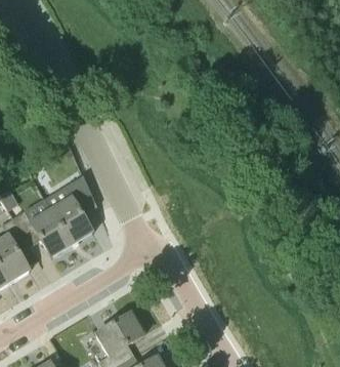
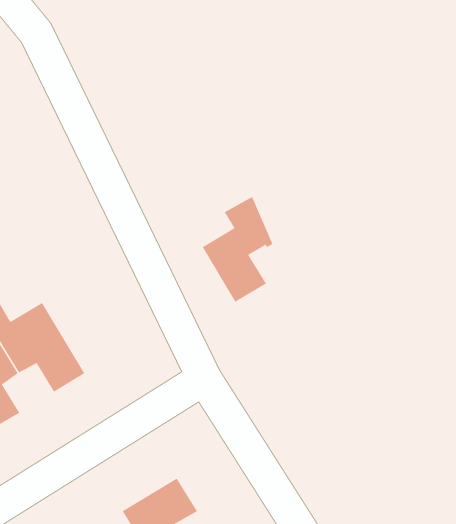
building: [50,176,96,245] -> [202,196,273,302]

